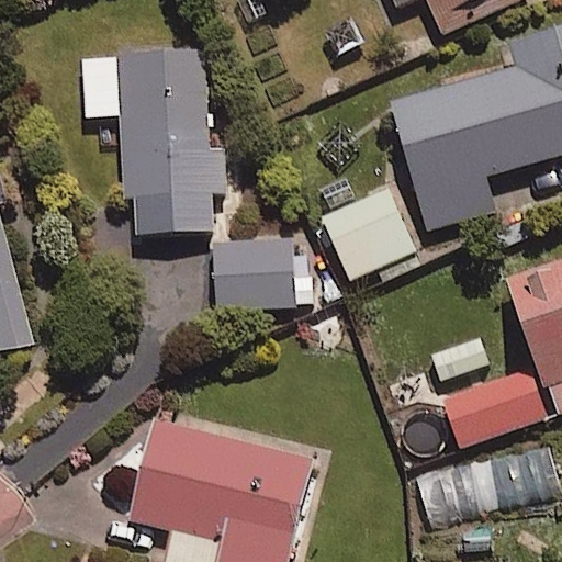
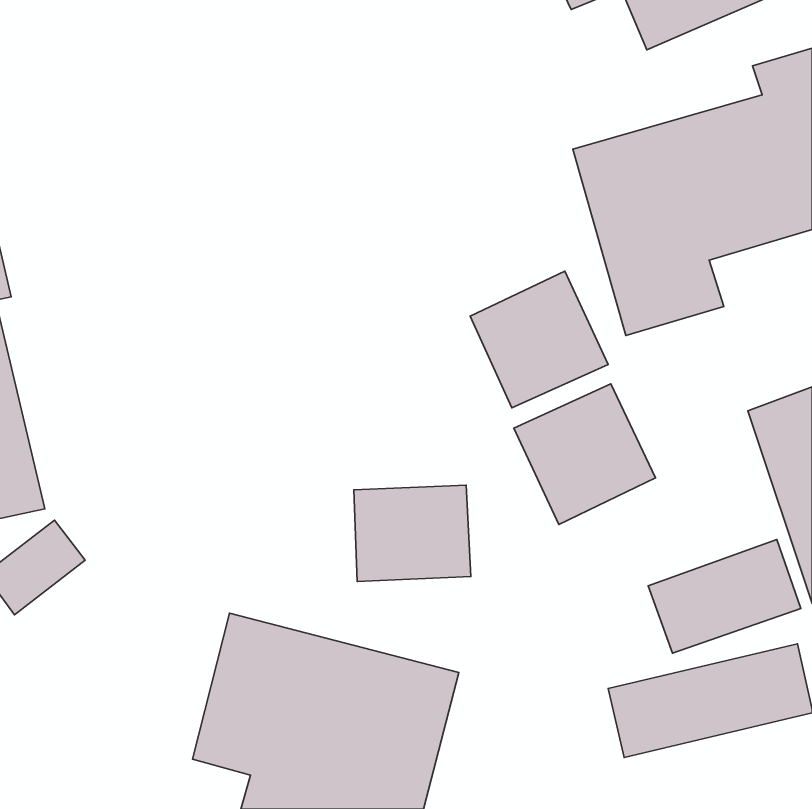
building: [81,50,225,235] -> none
building: [214,240,294,306] -> [354,485,471,581]
building: none -> [514,384,656,525]

